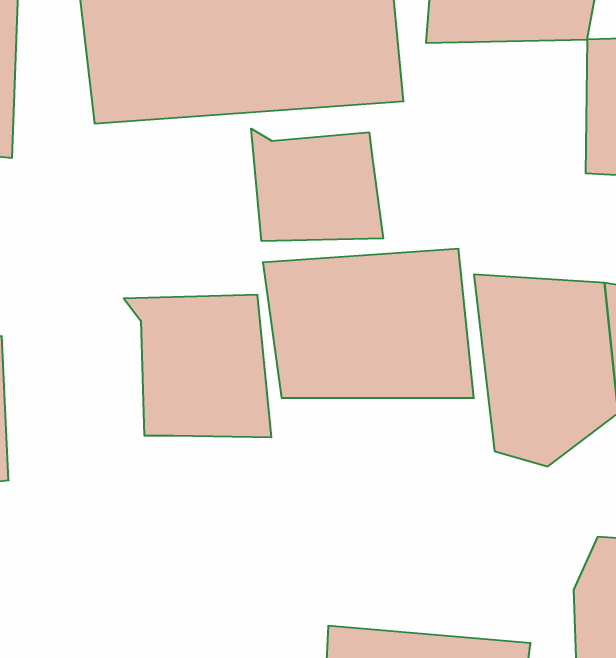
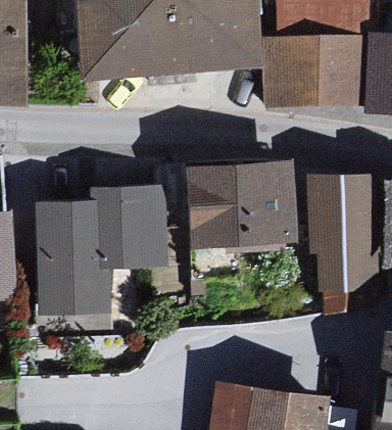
building: none -> [272,34,368,113]
building: [251,129,383,241] -> none
building: none -> [36,200,122,315]

